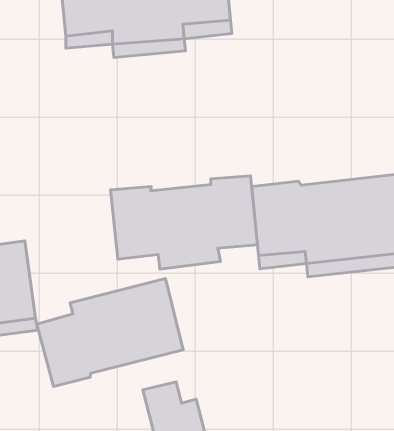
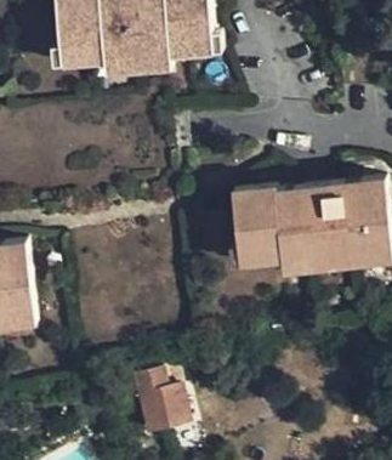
building: [111,176,258,269] -> none
building: [37,279,183,386] -> none

